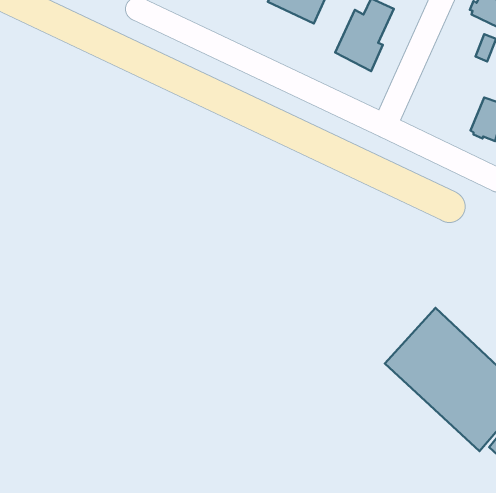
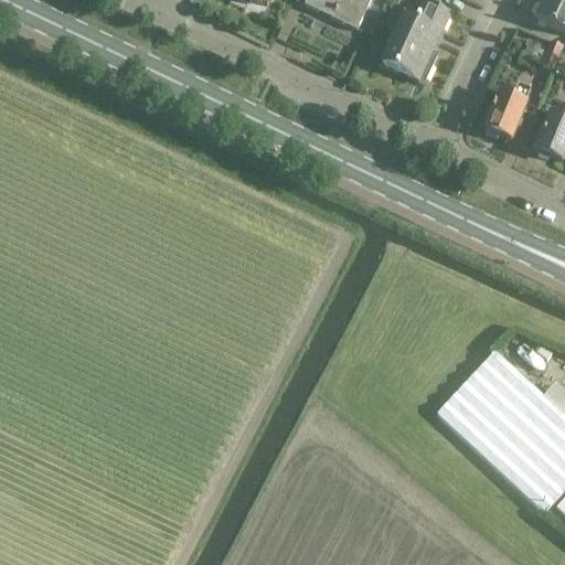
building: none -> [484,82,531,139]

